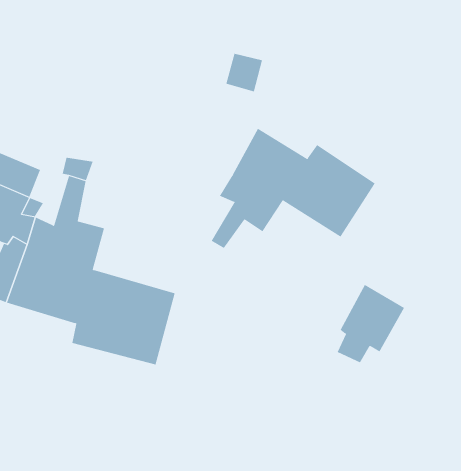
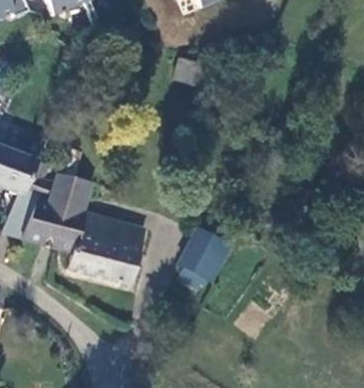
building: [211,128,376,249] -> none
building: [337,284,405,363] -> [181,230,231,287]

